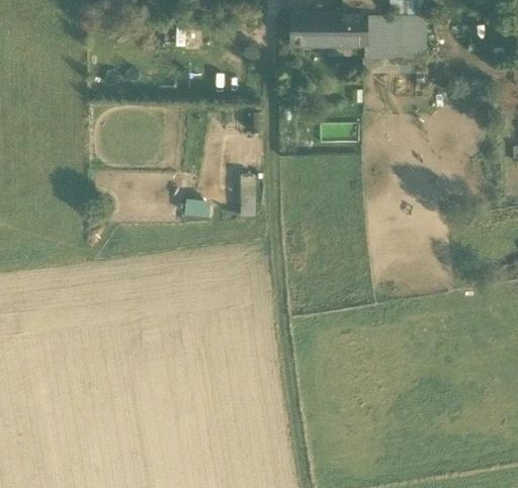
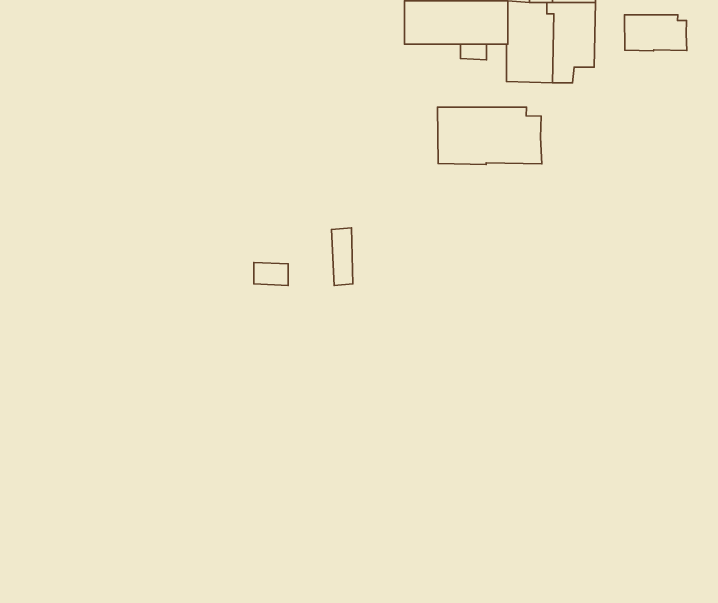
building: none -> [624,15,687,51]
building: none -> [437,107,542,165]

